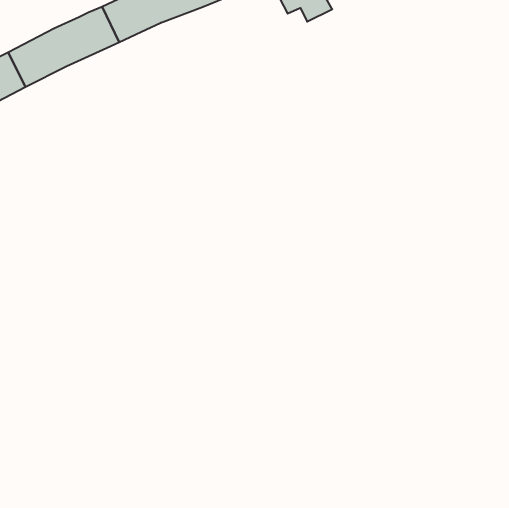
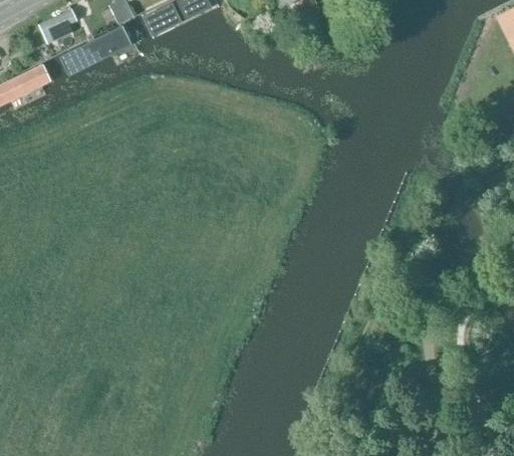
building: none -> [39,13,76,43]

